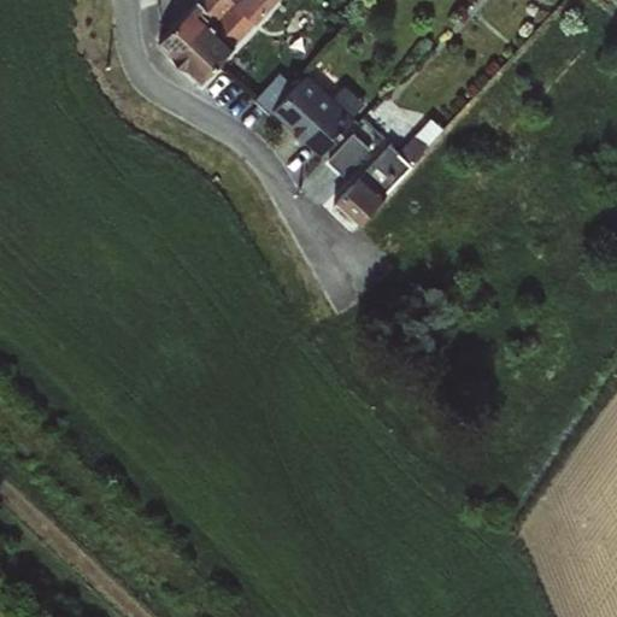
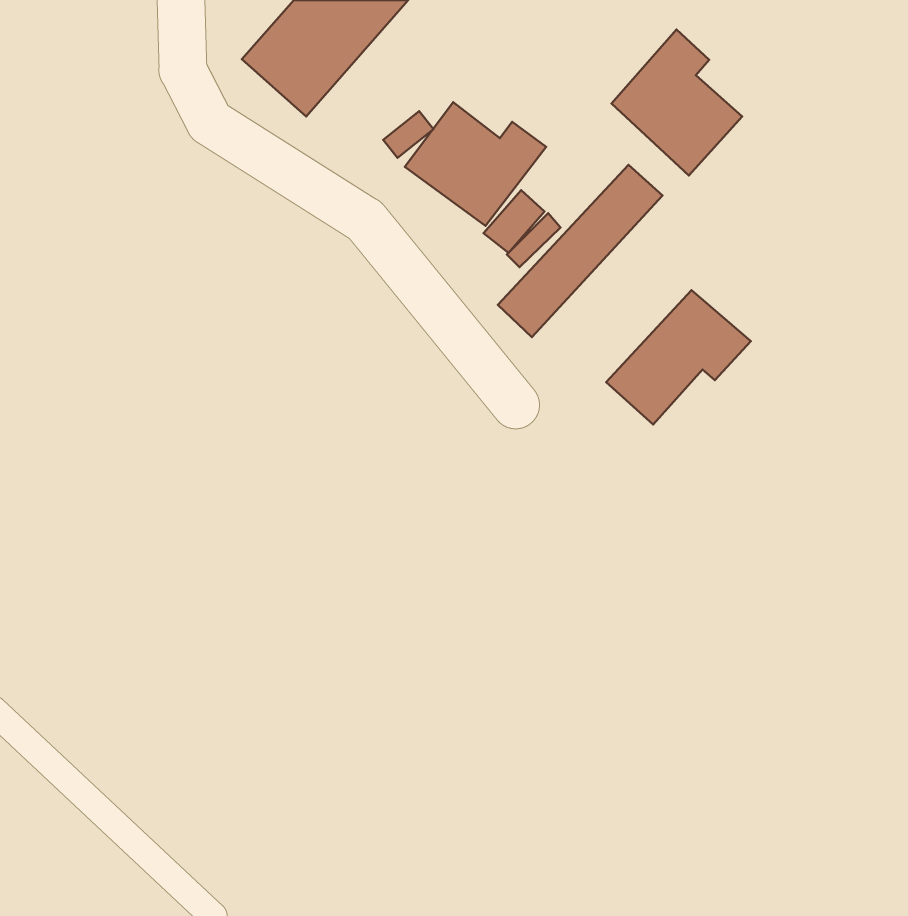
building: none -> [611,30,742,175]
building: none -> [606,290,751,425]

